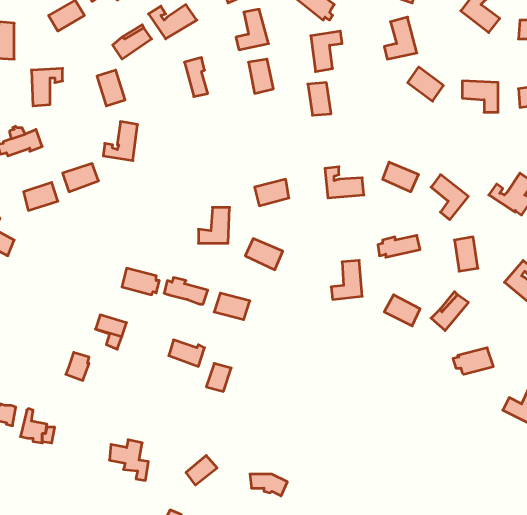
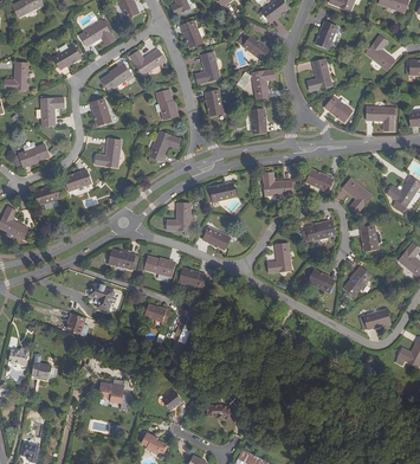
building: none -> [147,130,180,163]

